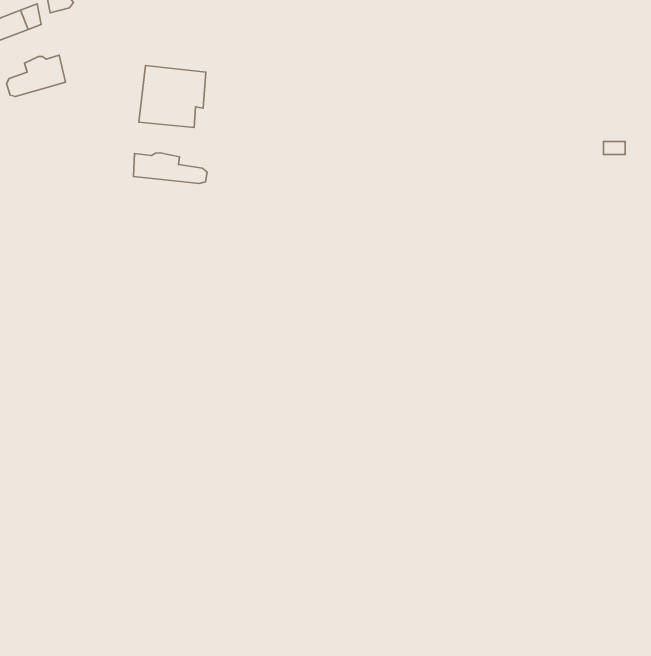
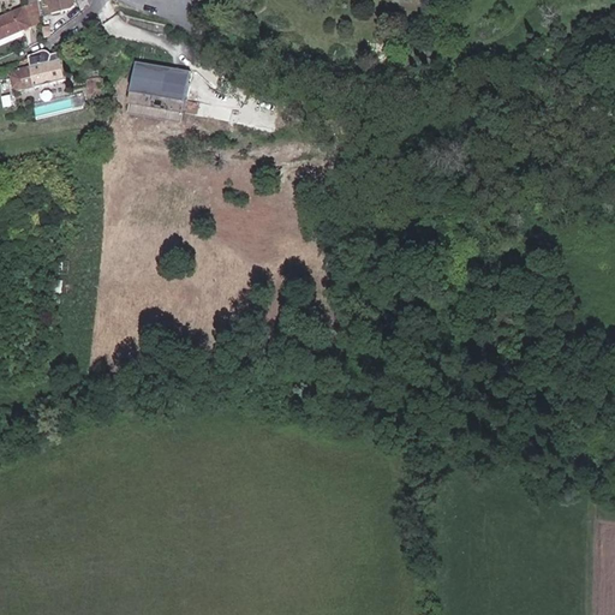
building: [133,153,207,184] -> none

